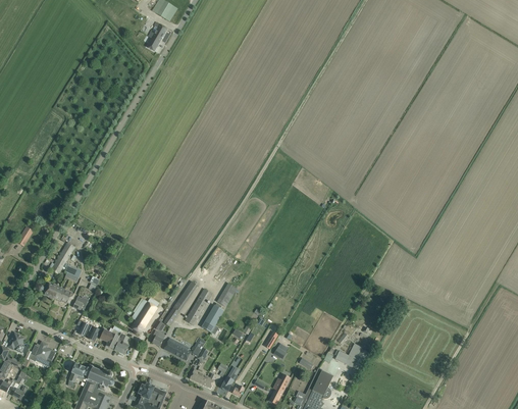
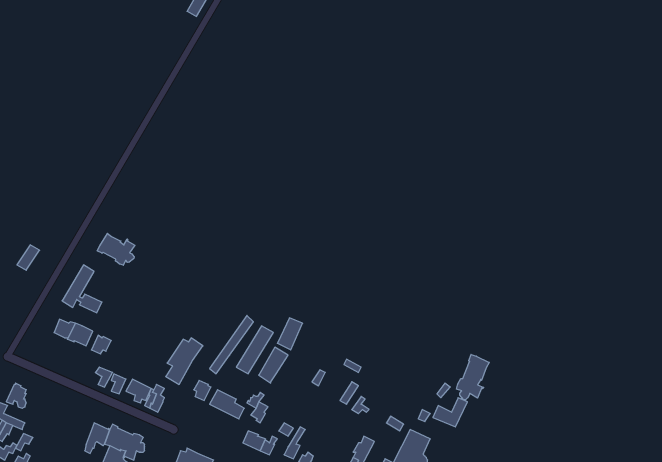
building: none -> [97,233,135,265]
building: none -> [457,354,489,400]
building: [29,342,56,366] -> none

